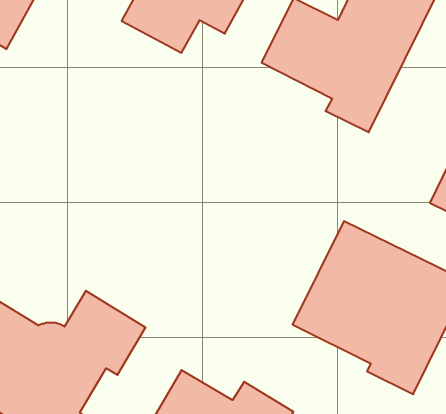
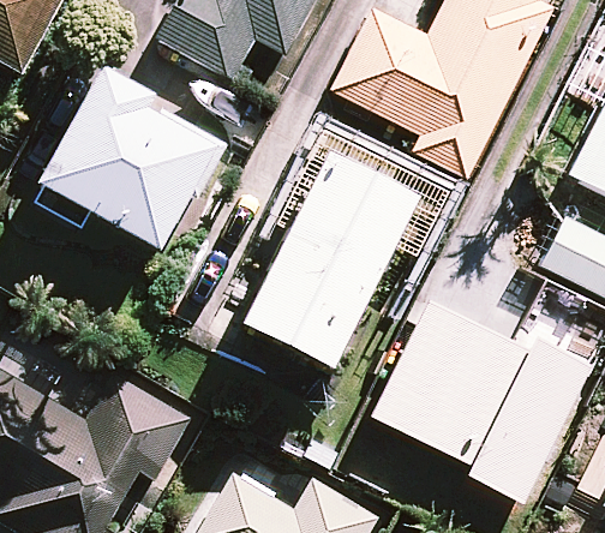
building: none -> [35,73,222,254]
building: none -> [241,157,413,369]

